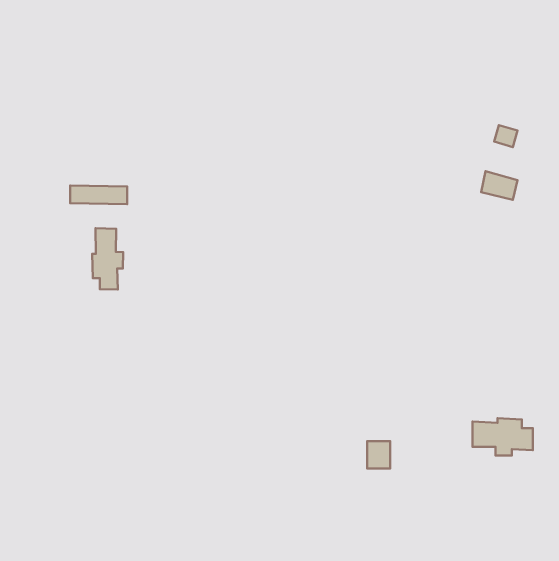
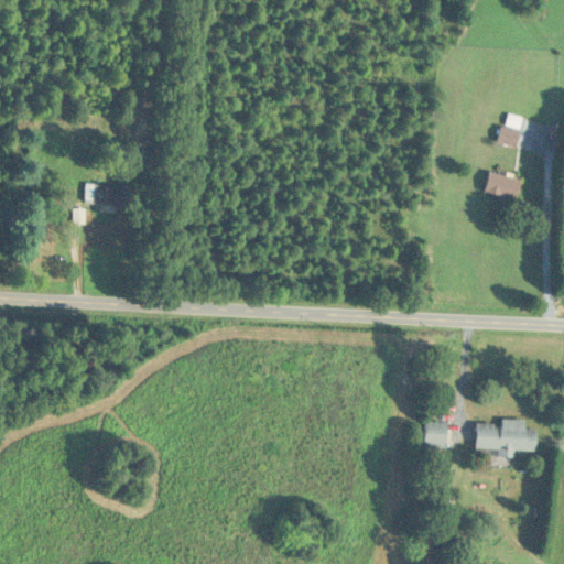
building: [92,228,123,290] -> none
building: [367,441,390,469] -> [424,422,447,449]

